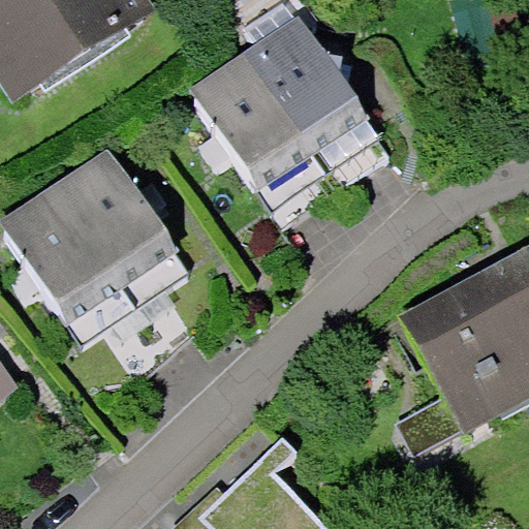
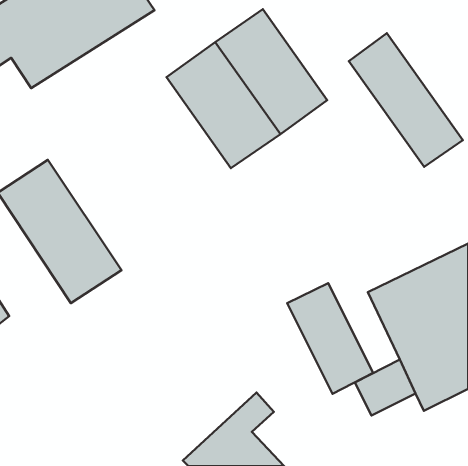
building: none -> [349,33,463,167]
building: [54,145,189,304] -> none
building: none -> [287,283,373,394]

